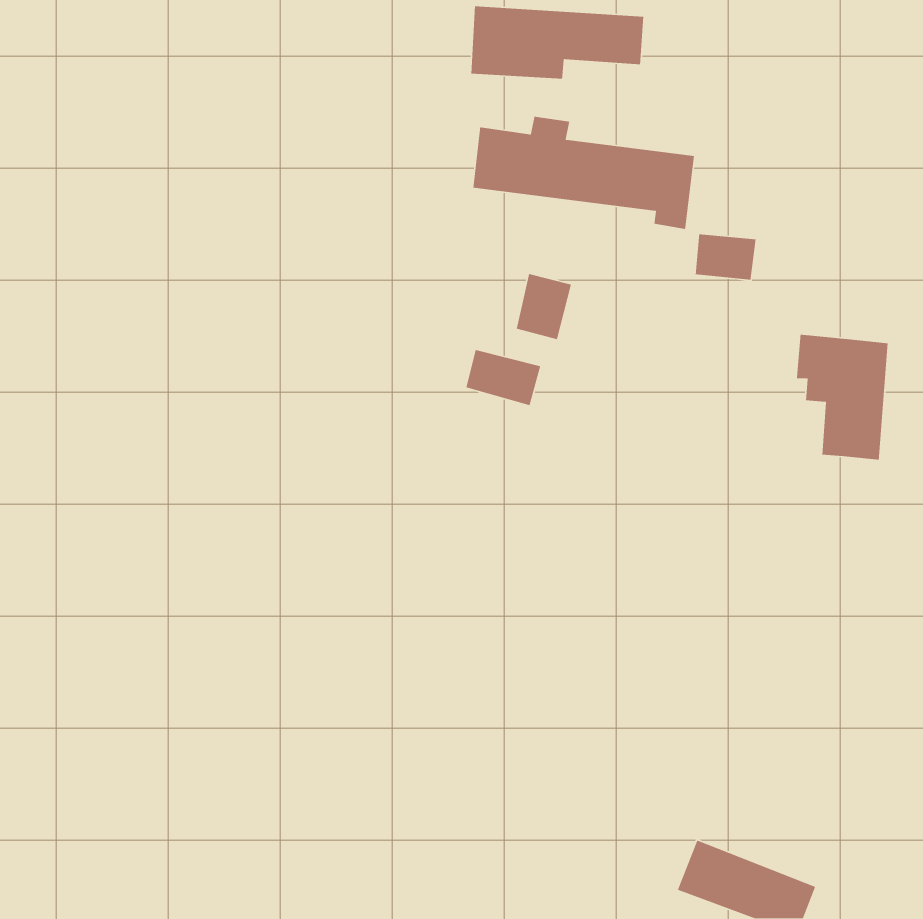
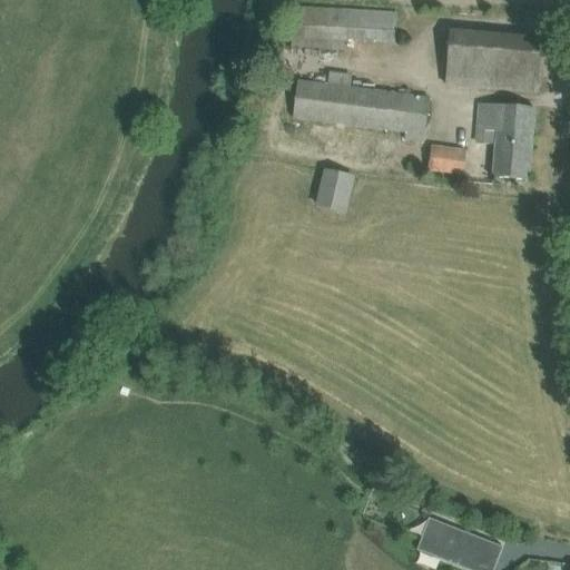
building: none -> [446,30,539,90]
building: [796,334,888,461] -> [476,100,533,178]
building: [465,349,541,406] -> none

